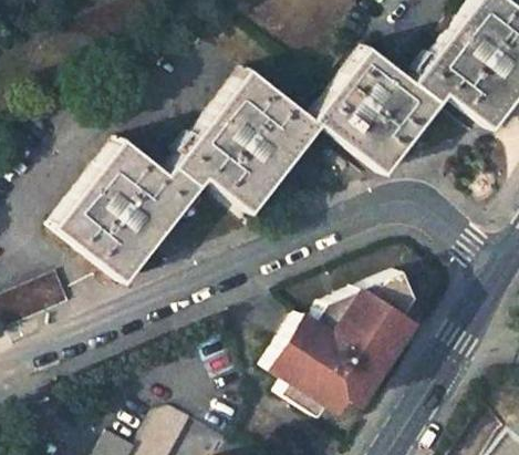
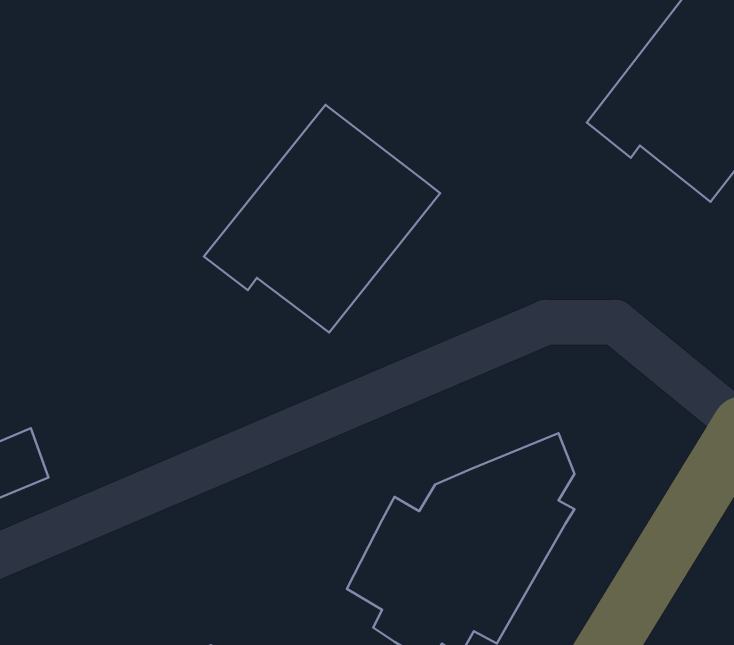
building: [311,45,440,174] -> none
building: [52,136,200,282] -> none

